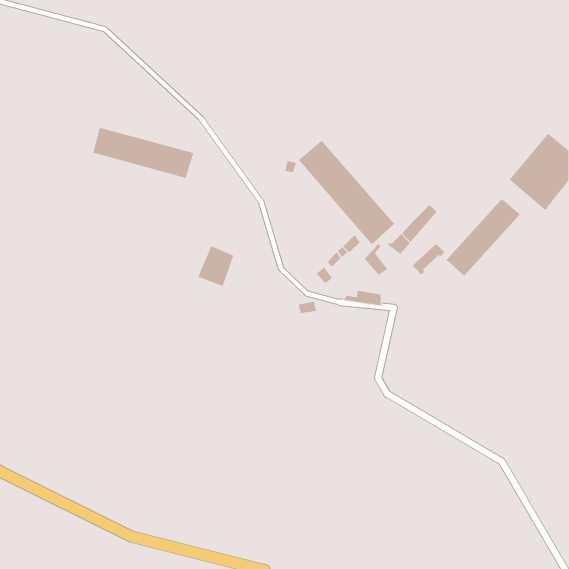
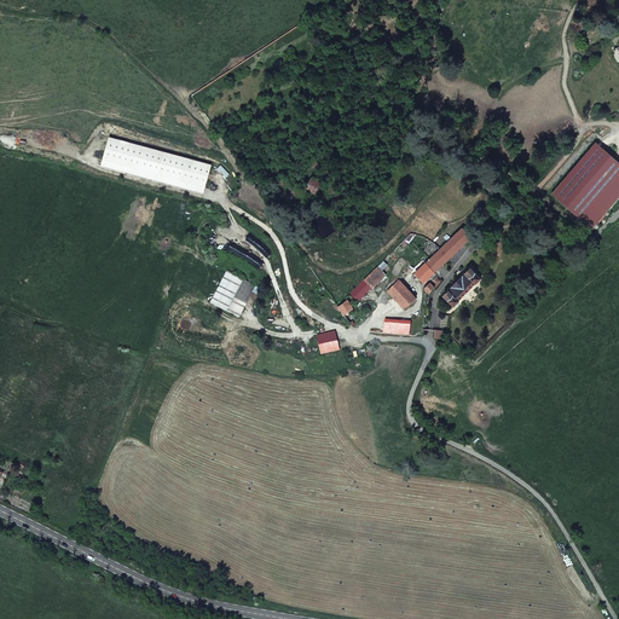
building: [298,140,395,245] -> none
building: [446,198,521,277] -> none

